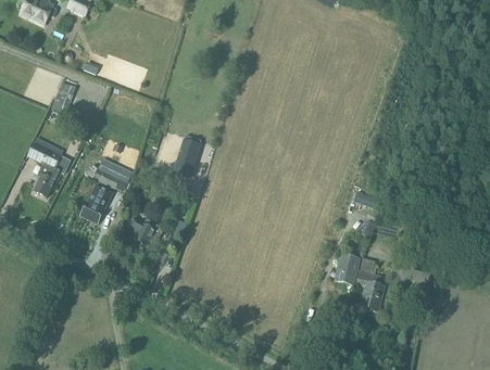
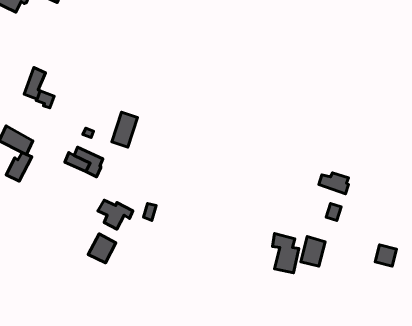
building: [174,139,200,175] -> [112,112,137,147]
building: [80,187,110,222] -> none
building: none -> [88,234,116,263]
building: [357,269,385,309] -> [272,234,299,273]

